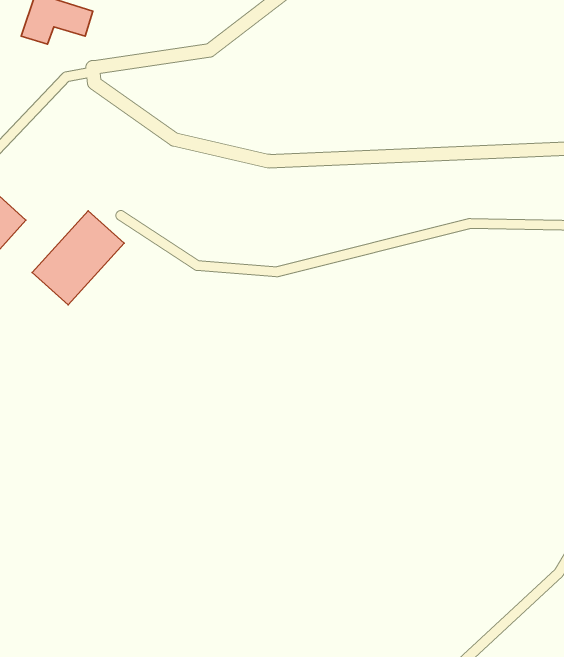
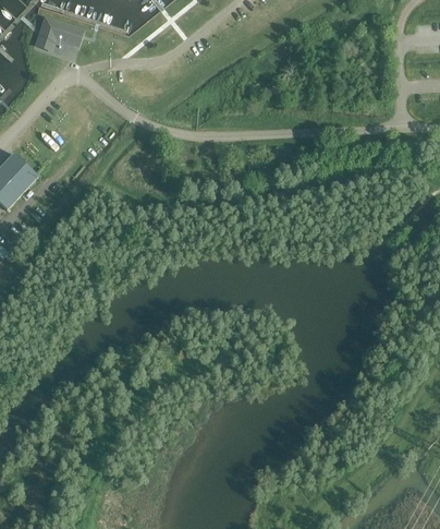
building: [32,211,124,305] -> none

